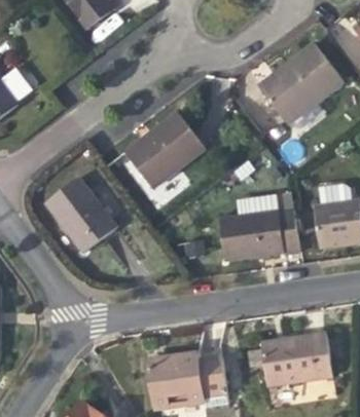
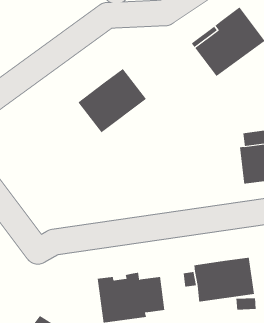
building: [43,178,116,254] -> none
building: [217,206,299,261] -> none

